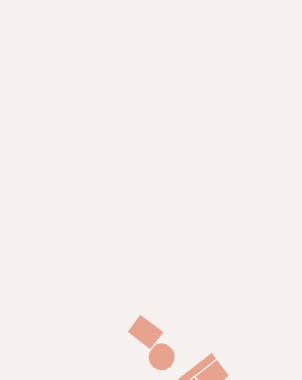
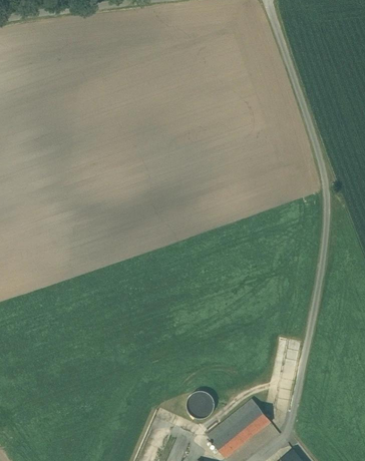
building: [127,314,164,350] -> none

